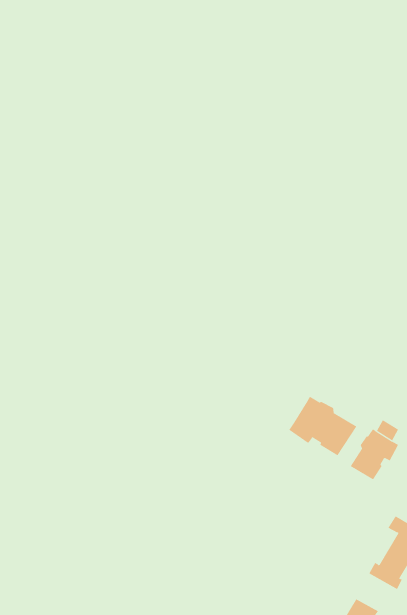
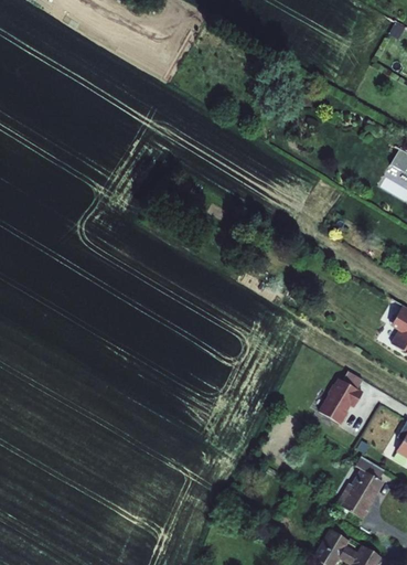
building: [289,396,357,456] -> none

